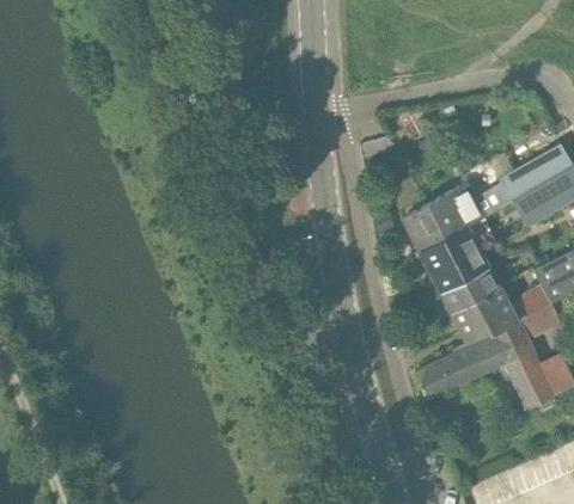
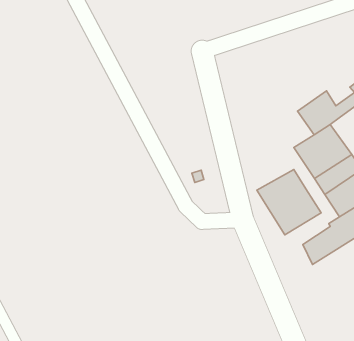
building: [403,205,446,251] -> none
building: none -> [257,170,321,235]

